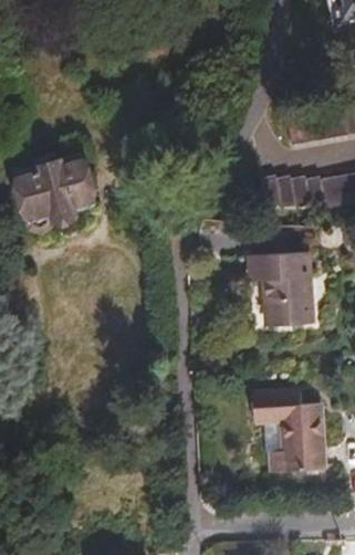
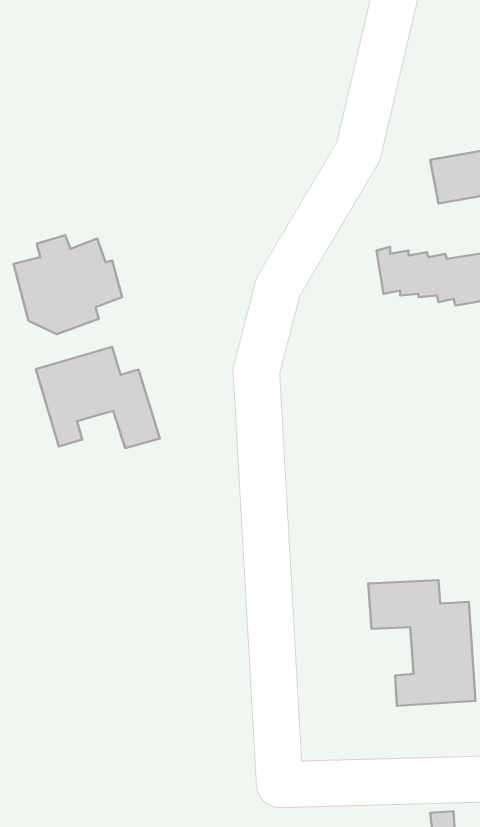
building: none -> [36,347,160,448]
building: [249,251,313,327] -> none

